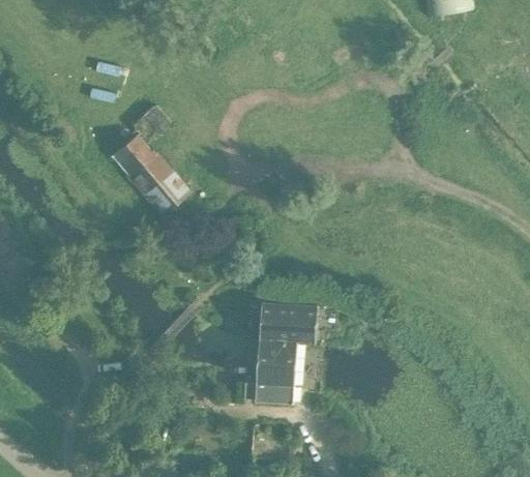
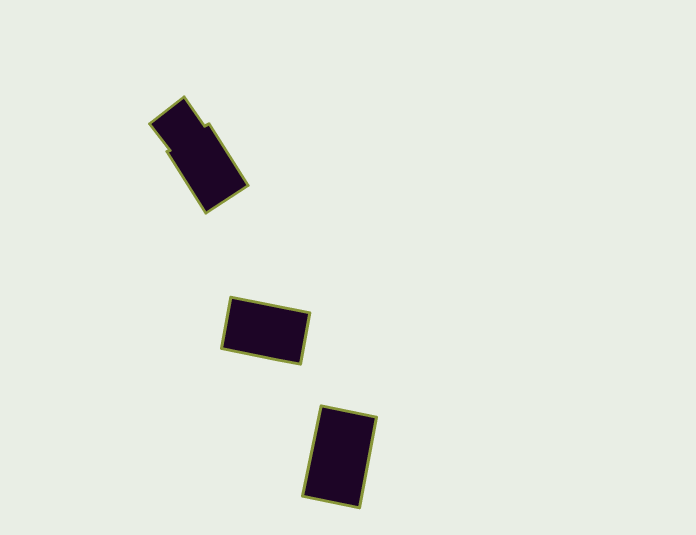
building: [257,301,315,341] -> [222,297,310,364]

